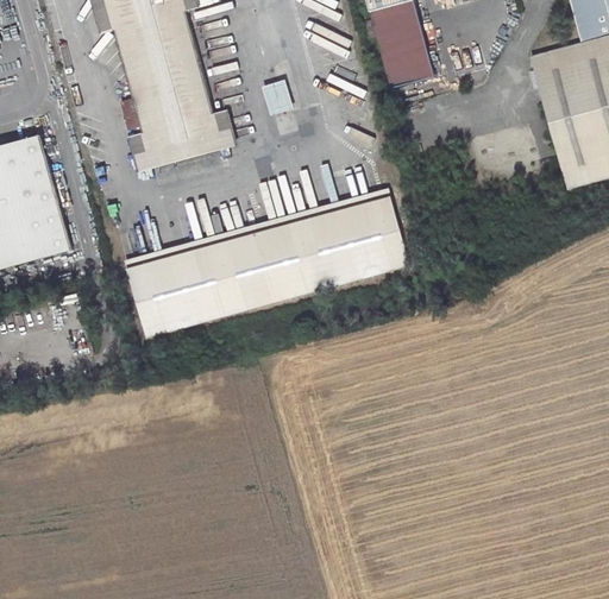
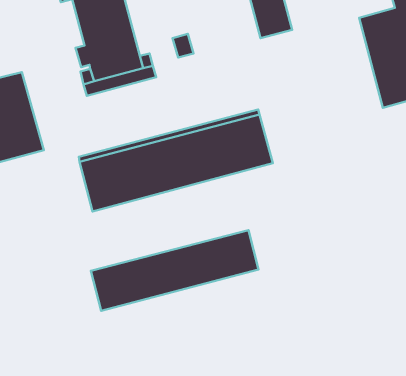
building: none -> [91,230,259,311]

